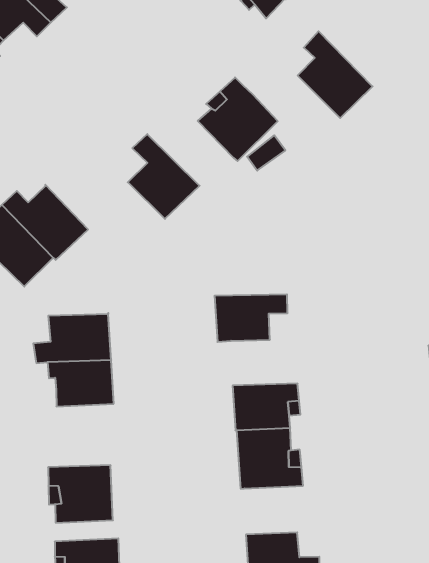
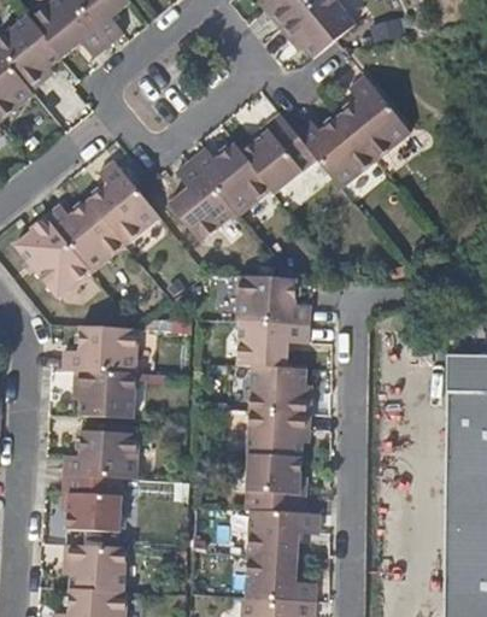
building: none -> [294,117,376,190]
building: none -> [189,145,270,217]
building: none -> [87,159,160,247]
building: none -> [237,278,311,327]
building: none -> [250,366,313,413]
building: none -> [65,428,140,477]
building: none -> [250,510,322,557]

